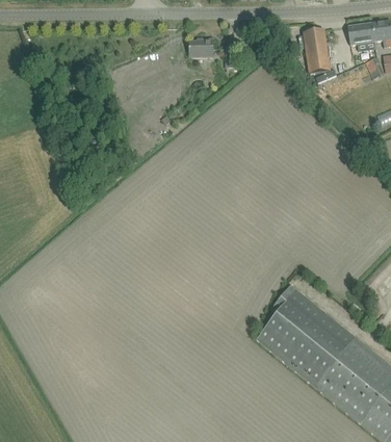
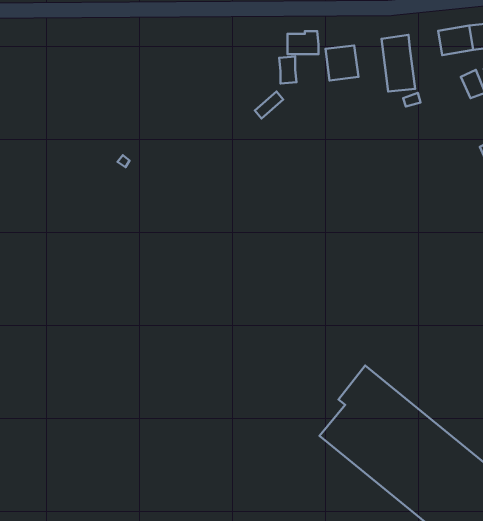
building: none -> [325,45,358,81]
building: [188,38,212,56] -> [287,31,318,54]

